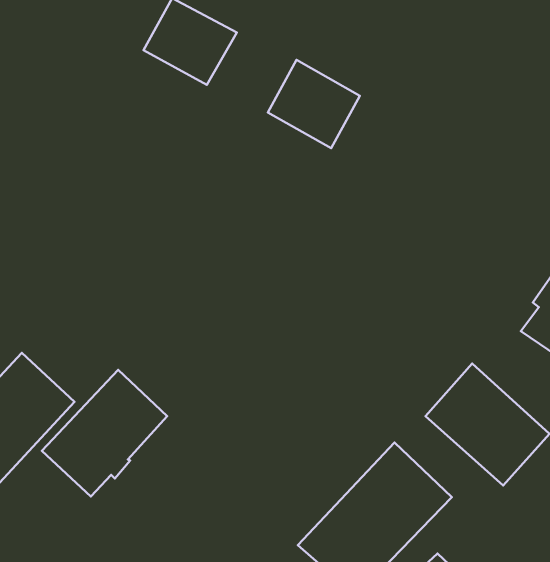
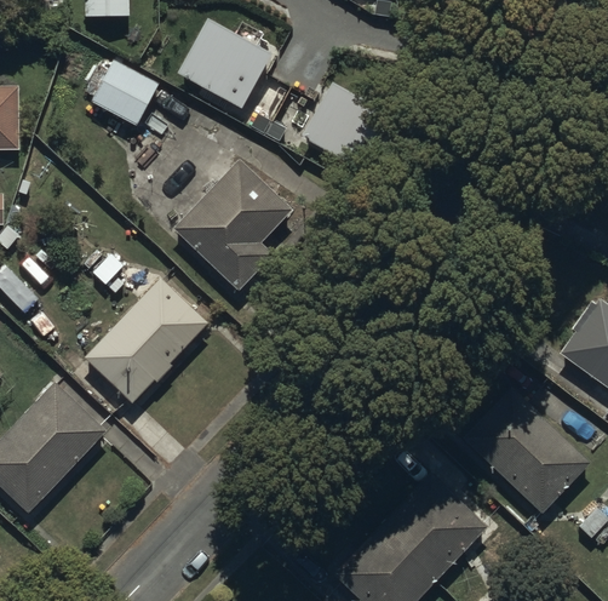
building: none -> [90,56,165,130]
building: none -> [174,159,294,292]
building: [42,370,167,496] -> [84,275,211,403]

